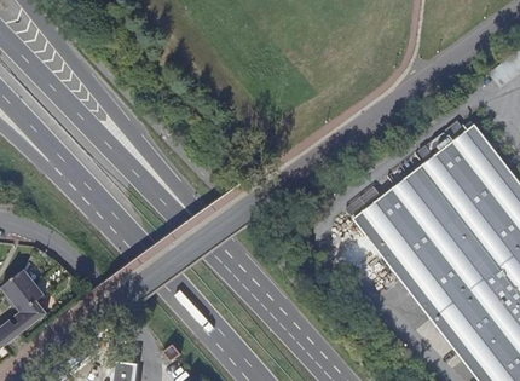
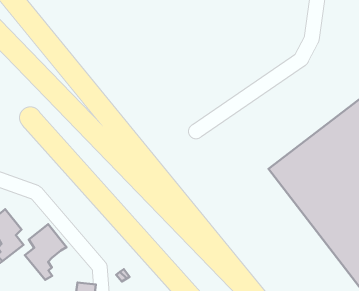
building: none -> [25,224,67,280]

